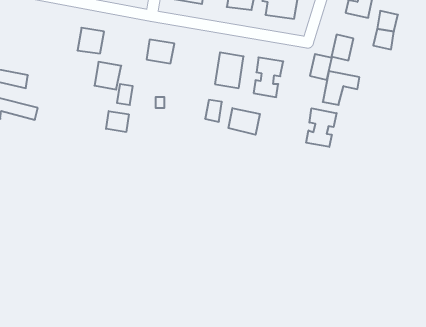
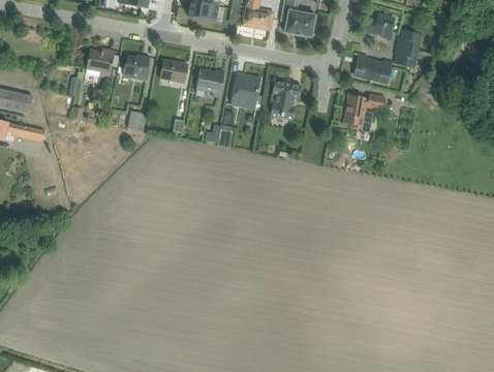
building: none -> [198,67,223,94]
building: [310,54,332,80] -> [370,57,393,84]
building: [94,62,121,90] -> [122,51,150,80]
building: [228,108,260,135] -> none
building: [306,108,337,147] -> none
building: [106,111,129,132] -> none

